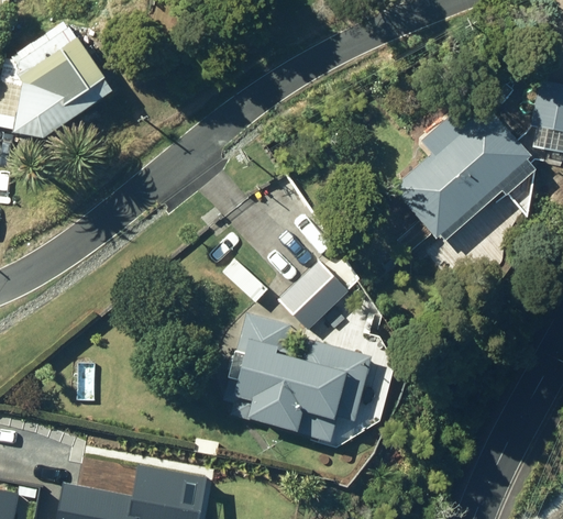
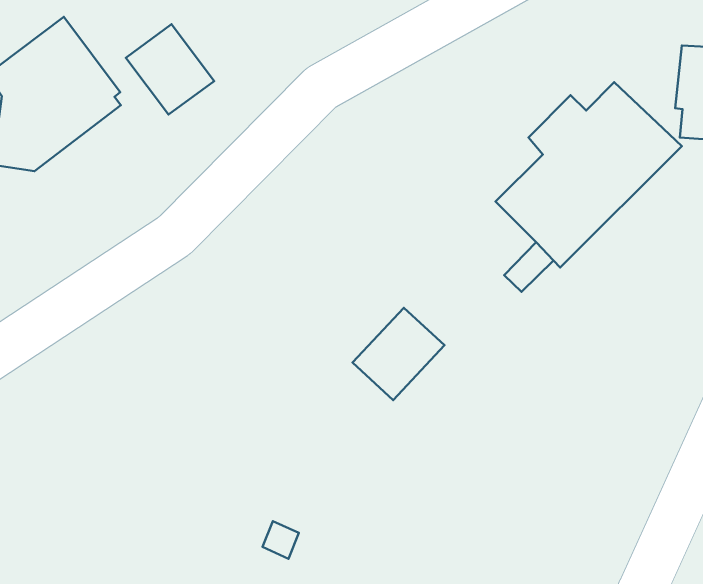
building: none -> [126,24,214,115]
building: [222,314,374,442] -> none

